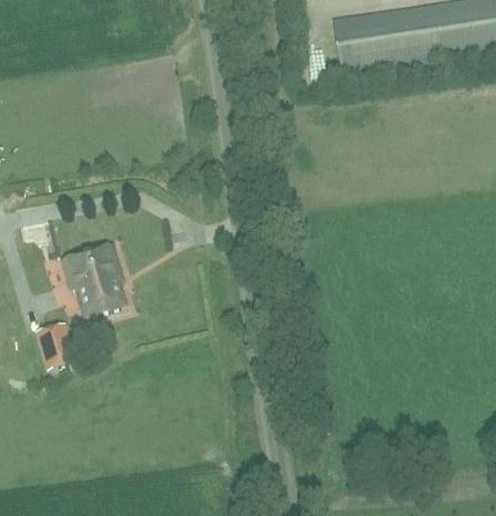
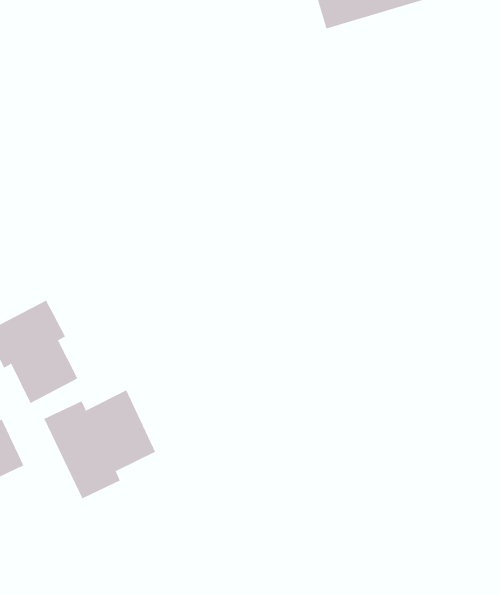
building: none -> [44,389,156,499]

